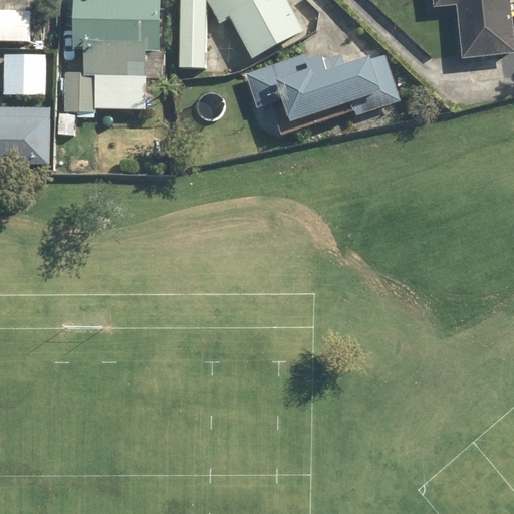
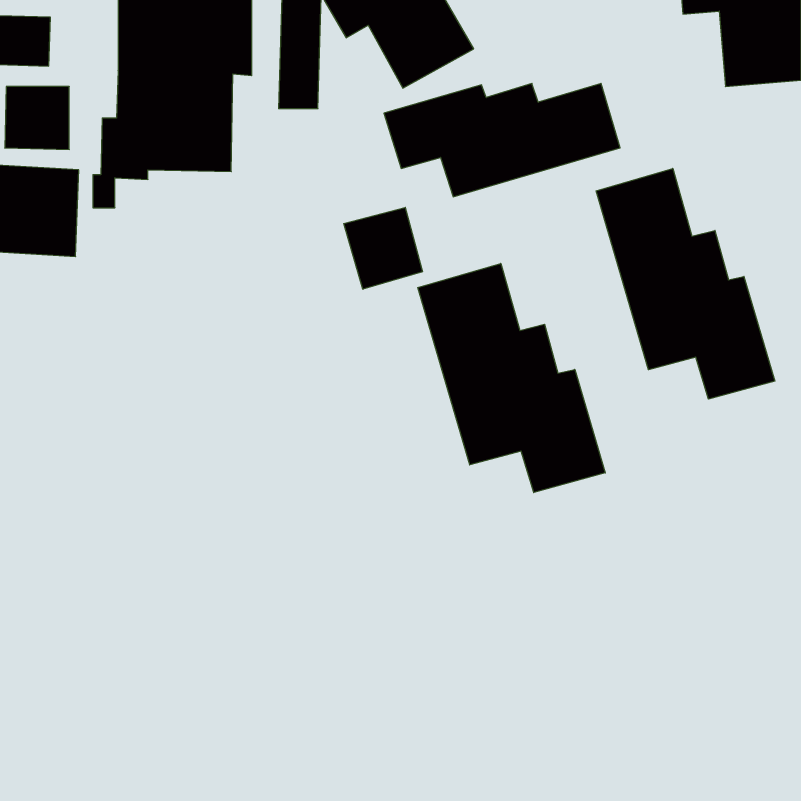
building: none -> [596,168,775,399]
building: none -> [344,207,422,289]
building: none -> [418,263,605,493]

